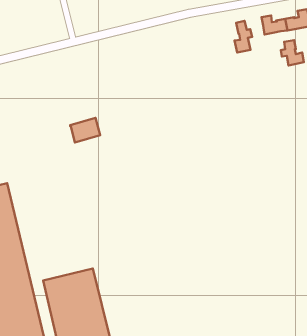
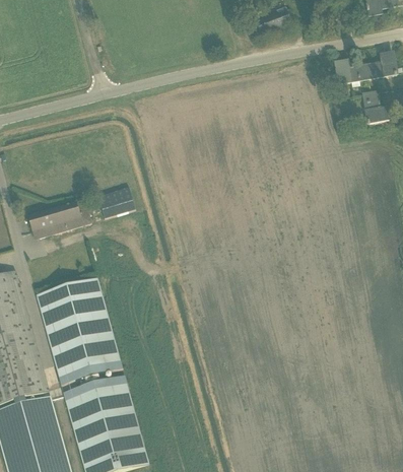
building: [235,21,252,52] -> none
building: none -> [27,199,90,238]
building: none -> [37,277,121,384]

